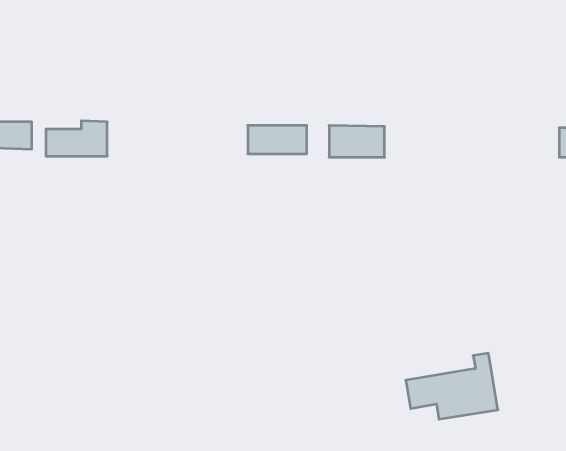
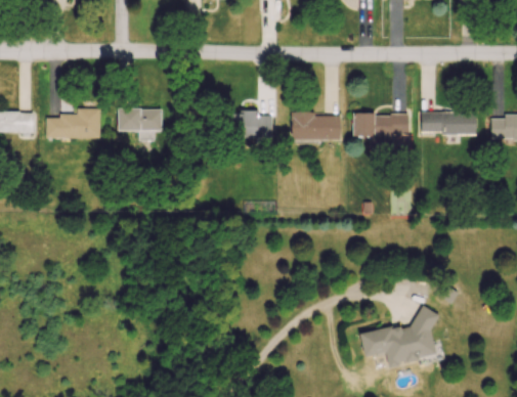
building: none -> [118,108,161,131]
building: none -> [422,112,475,134]
building: none -> [352,114,408,151]

